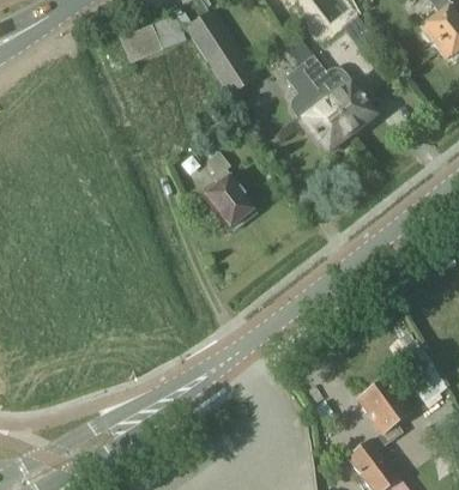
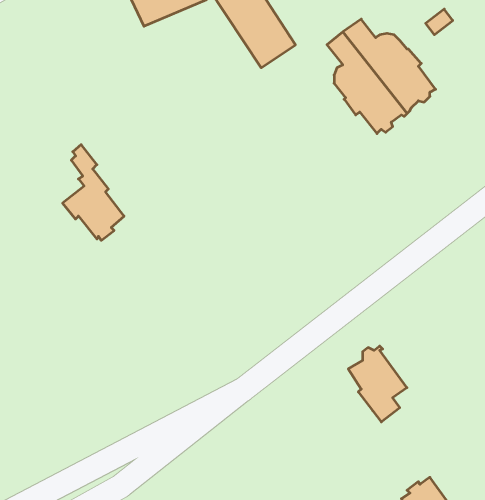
building: [201,145,253,225] -> [63,145,124,240]
building: [361,375,410,438] -> [348,346,407,422]

